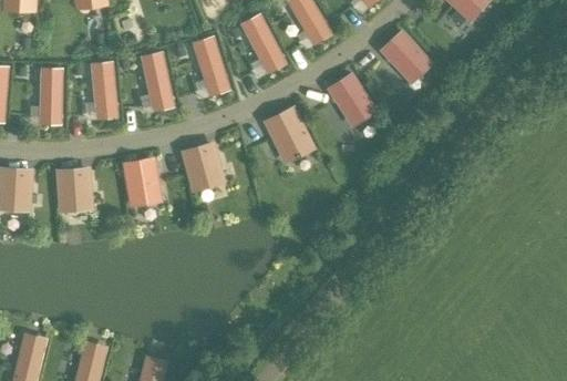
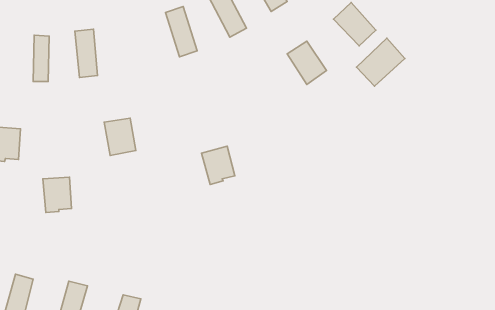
building: [142,53,174,109] -> none
building: none -> [356,38,405,86]
building: [267,111,313,161] -> none
building: [185,147,223,190] -> [201,146,235,185]
building: [59,172,91,212] -> [43,177,72,213]

